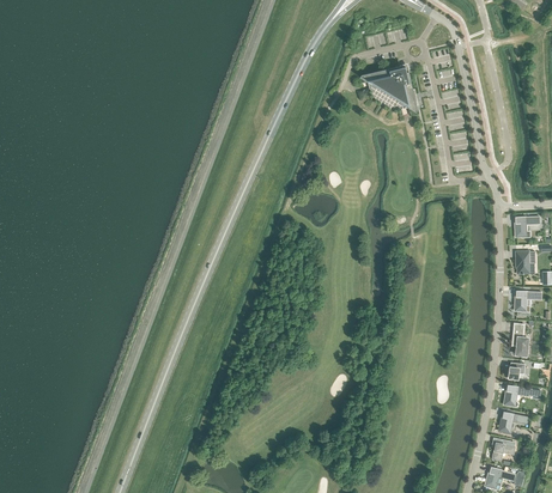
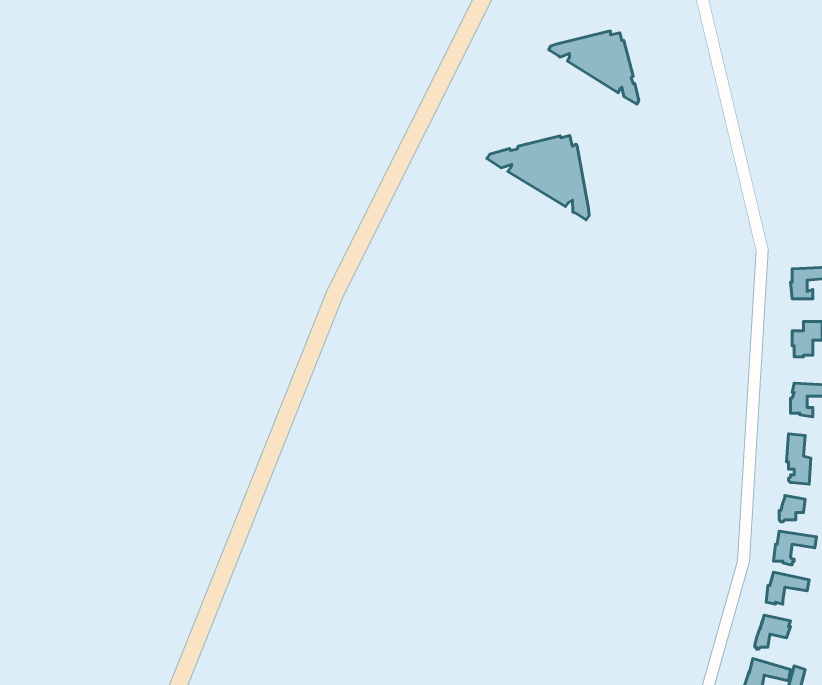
building: none -> [487,135,589,220]

